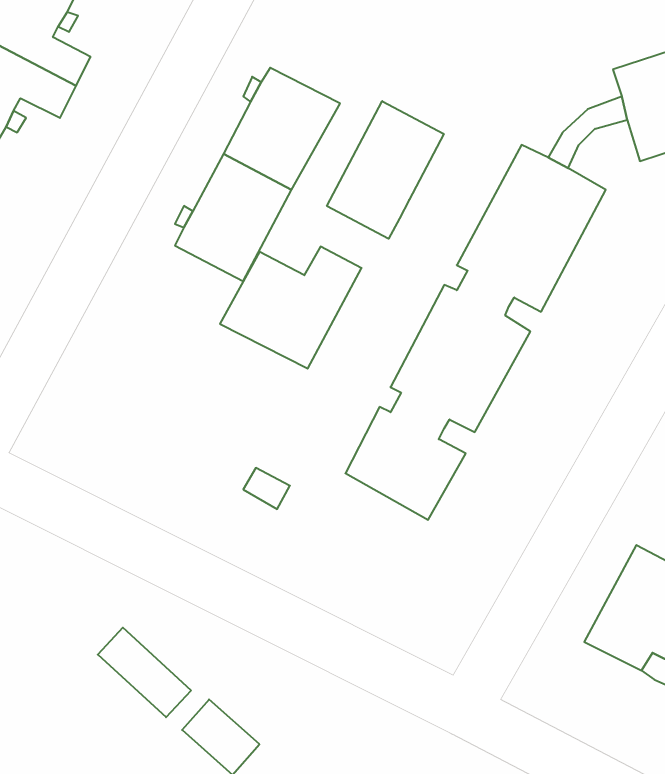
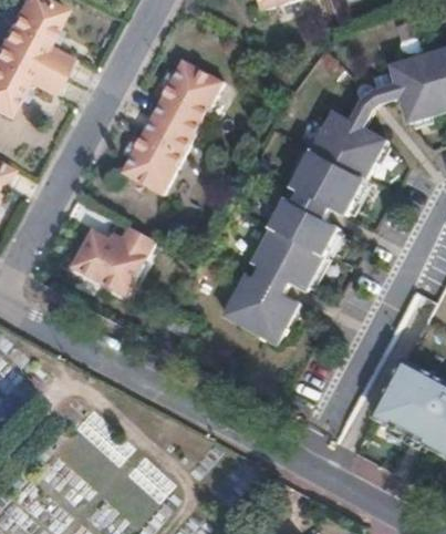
building: [327,101,444,239] -> none
building: [220,247,362,369] -> [66,225,154,300]

